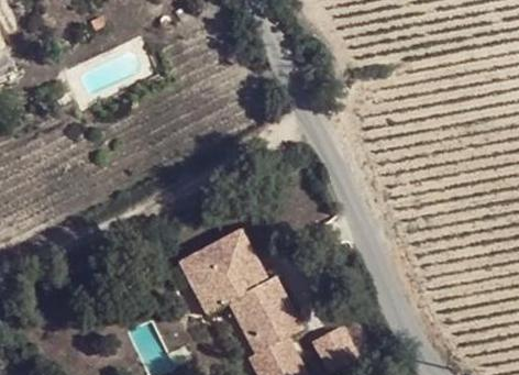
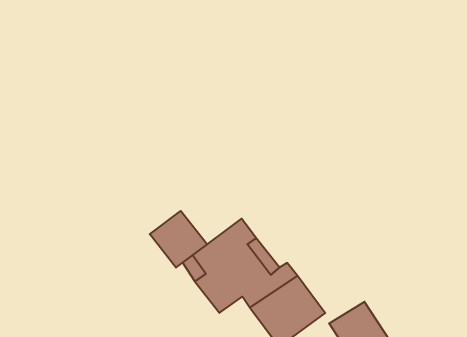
building: none -> [150,211,207,268]

